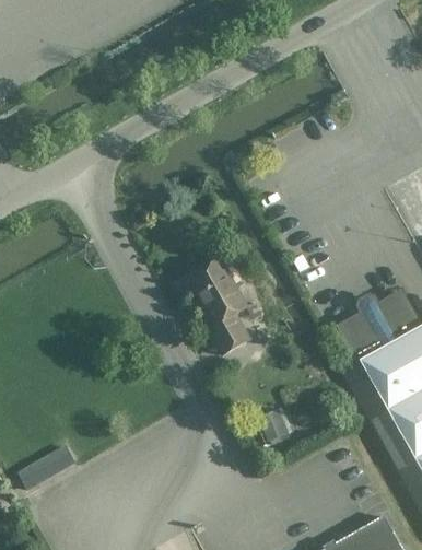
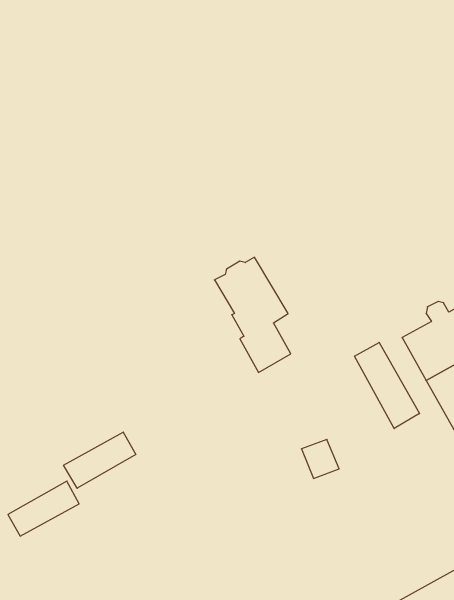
building: none -> [355,342,420,429]
building: none -> [64,432,136,488]

